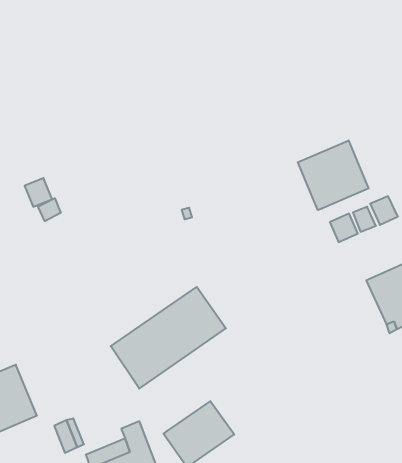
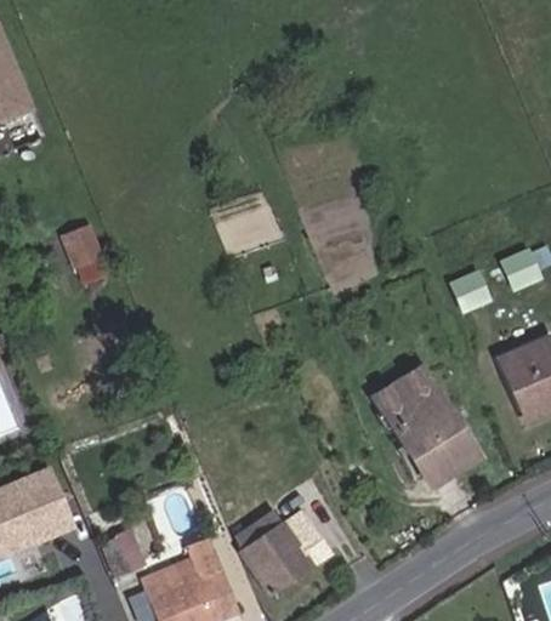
building: [298,140,369,210] -> none
building: none -> [370,365,478,489]
building: [111,287,226,389] -> none

